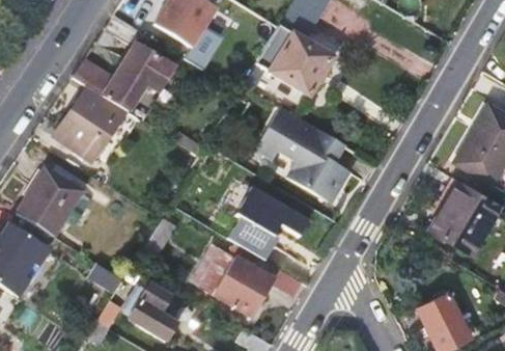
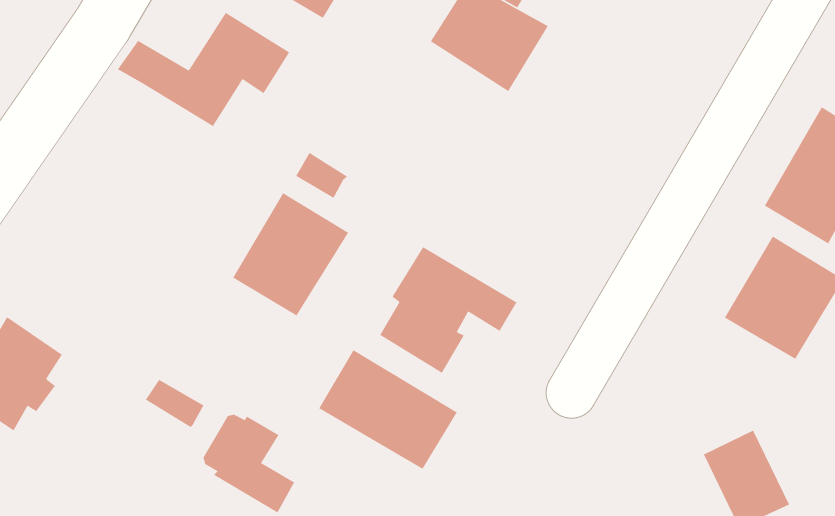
building: [56,86,125,160] -> [232,192,349,316]
building: [256,106,350,201] -> none
building: [16,167,84,237] -> none

